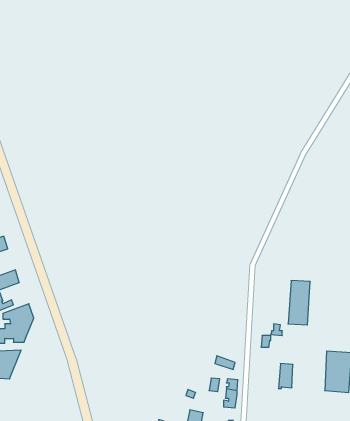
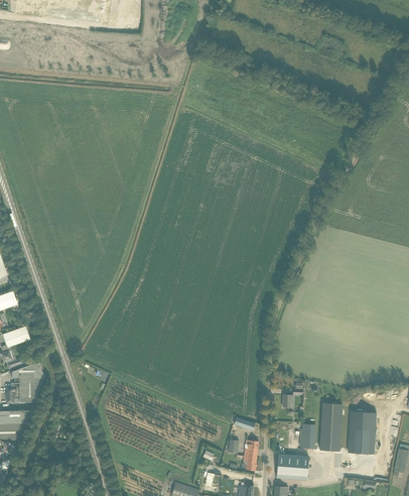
building: [288,281,310,325] -> [318,403,342,450]
building: none -> [275,453,307,479]

